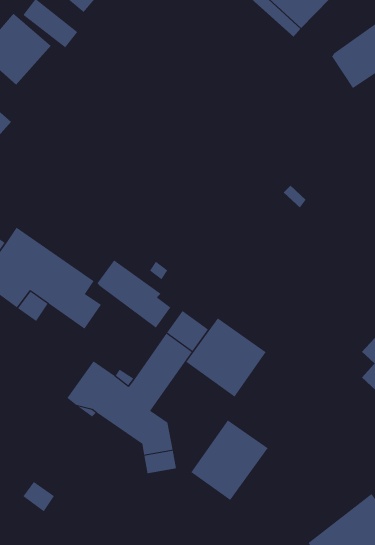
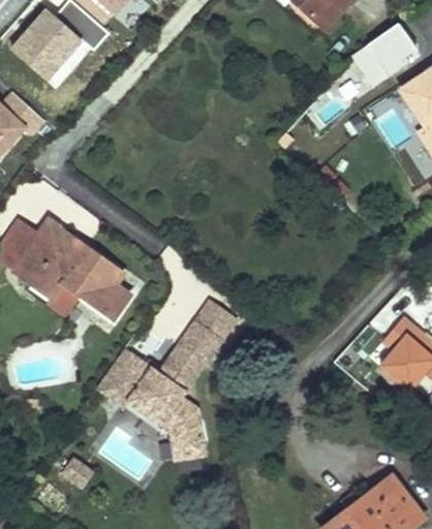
building: [97,259,171,328] -> none
building: [186,318,266,398] -> none
building: [190,420,269,501] -> none

